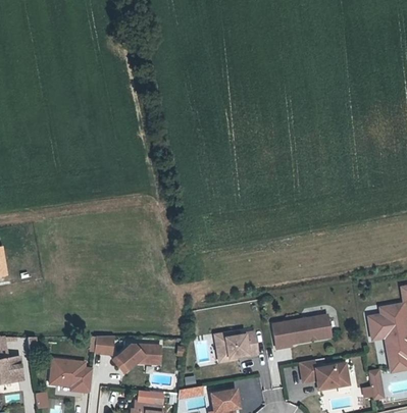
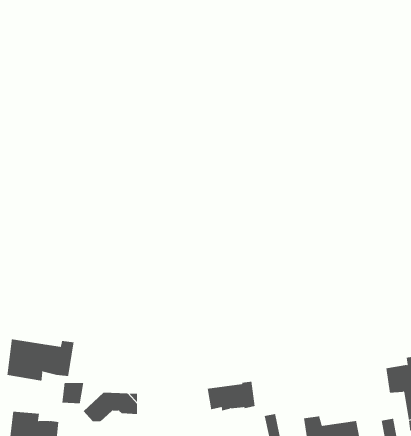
building: none -> [7,339,74,381]
building: [273,317,332,350] -> none

